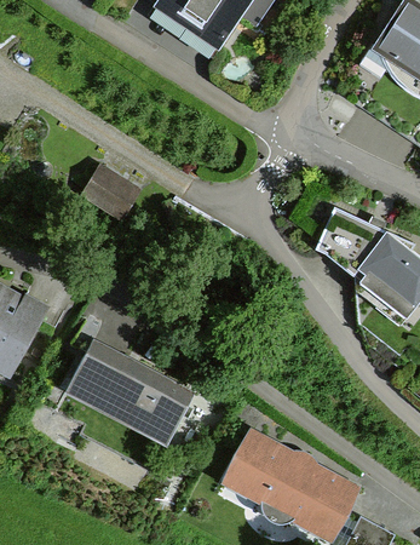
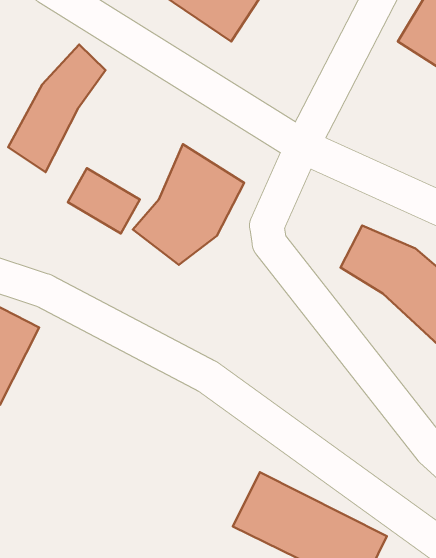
building: none -> [8,45,106,172]
building: none -> [133,144,244,265]
building: [63,342,195,447] -> none

